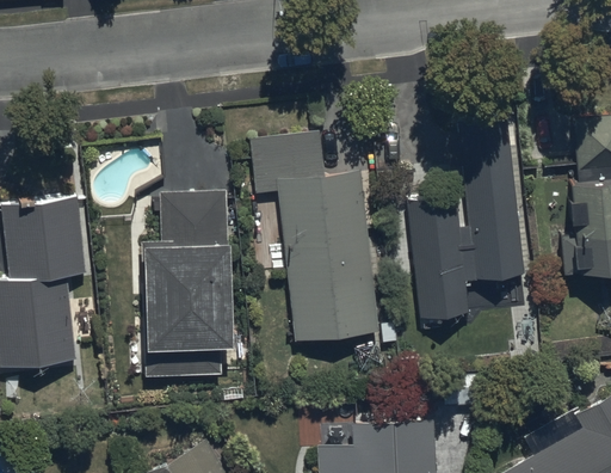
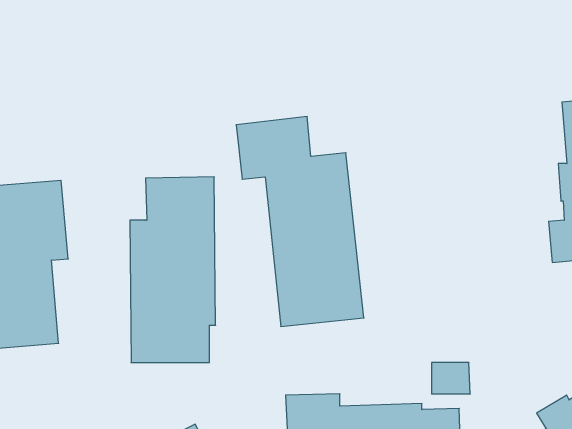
building: [408,116,524,318] -> none

